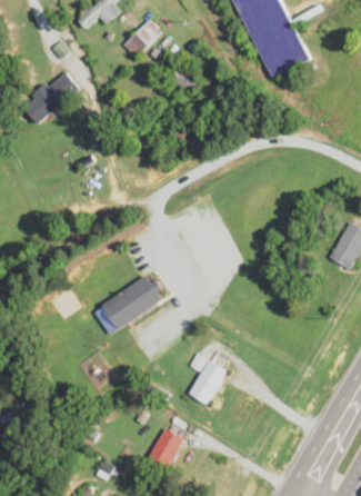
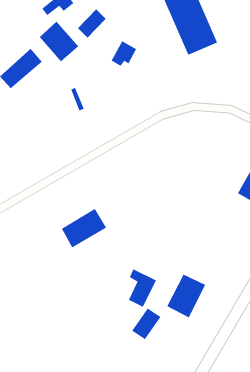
building: none -> [39,21,79,63]
building: none -> [166,273,206,319]
building: [146,429,184,472] -> [131,307,161,340]

